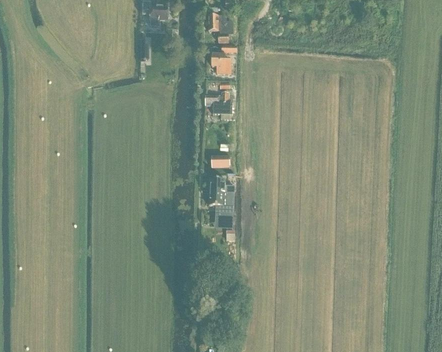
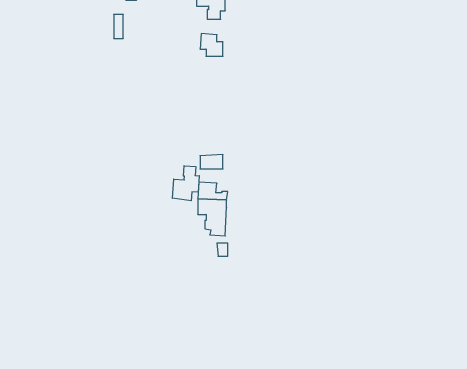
building: [205,91,232,113] -> none
building: none -> [172,166,199,201]

